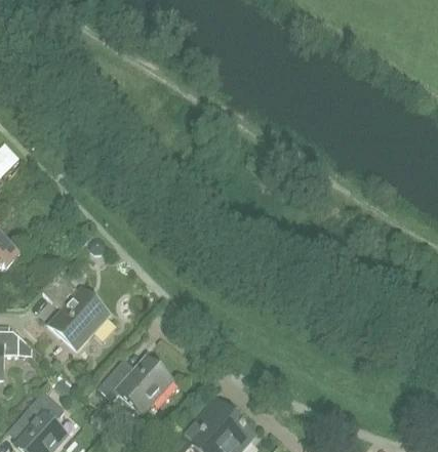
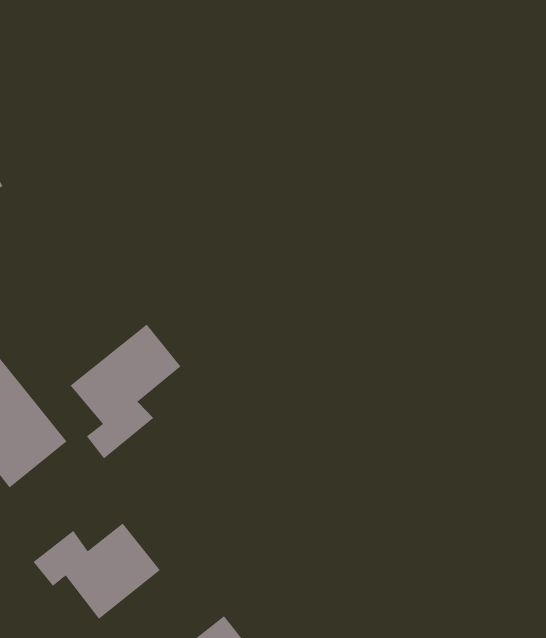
building: none -> [70,323,182,460]

